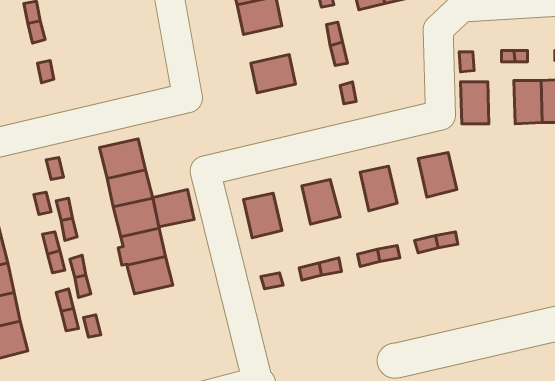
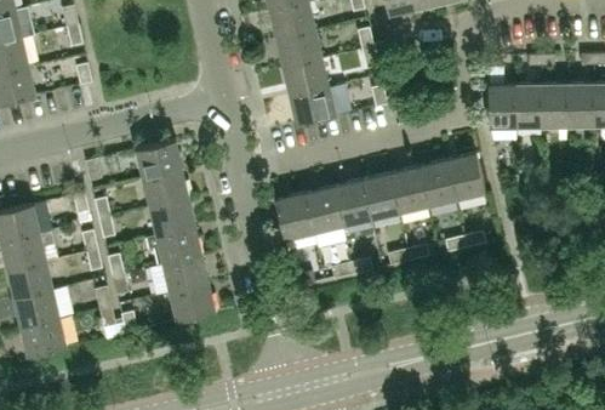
building: none -> [276,32,321,68]
building: none -> [515,85,542,127]
building: none -> [290,89,335,127]
building: none -> [418,161,456,205]
building: none -> [361,175,399,218]
building: none -> [306,188,342,232]
building: [153,189,194,227] -> none
building: none -> [170,285,215,324]

